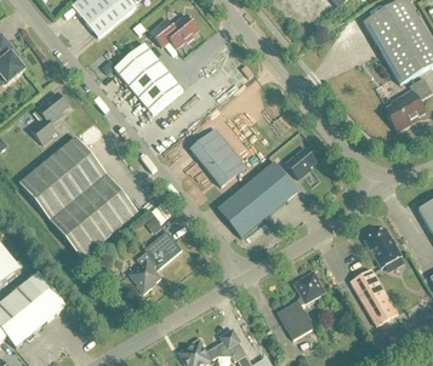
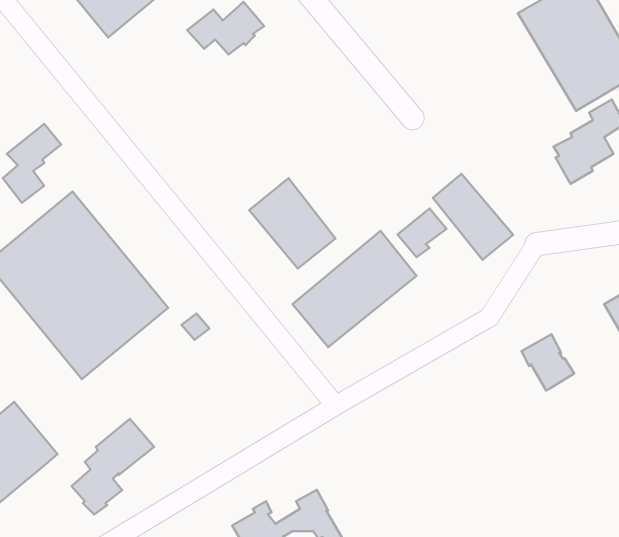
building: [114,42,182,114] -> none
building: none -> [433,174,513,260]
building: [129,230,182,292] -> [72,419,154,514]
building: [349,268,398,326] -> none
building: [277,270,325,339] -> none

